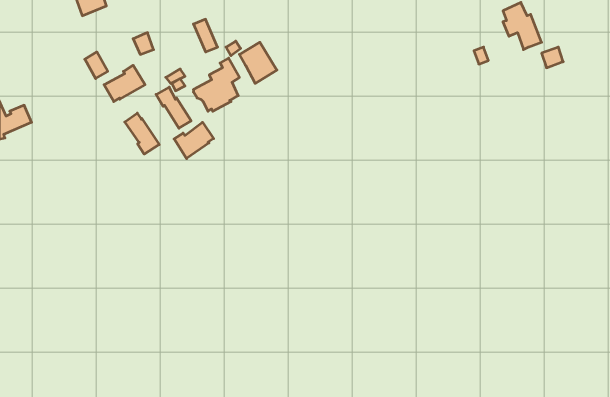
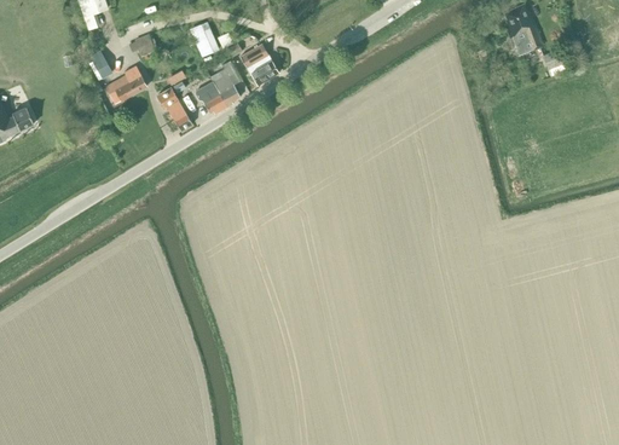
building: [125,113,159,154] -> none
building: [174,122,214,159] -> none

